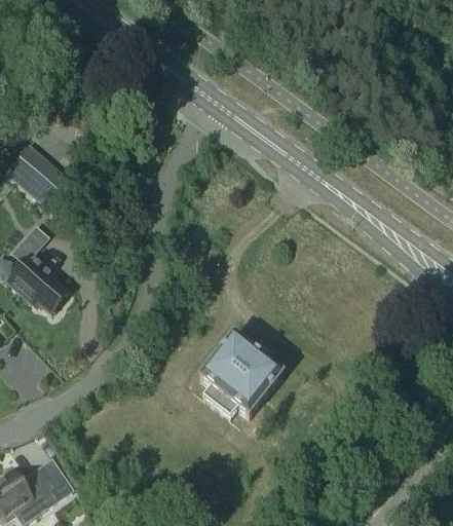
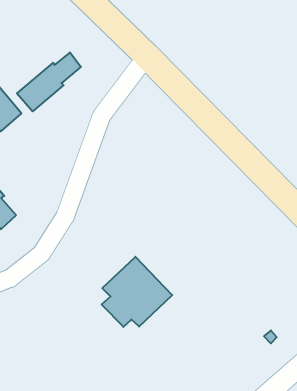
building: none -> [17,52,81,111]

